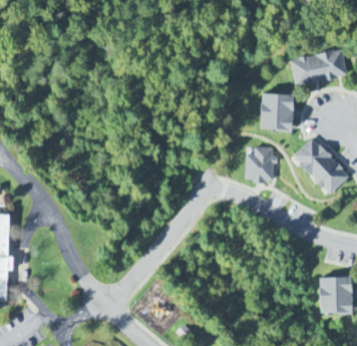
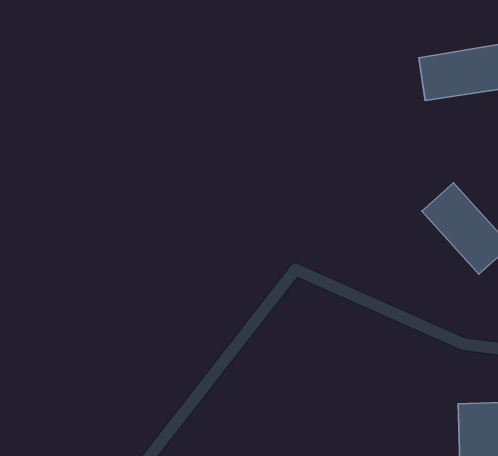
building: [258,94,297,131] -> none
building: [245,146,276,182] -> none

